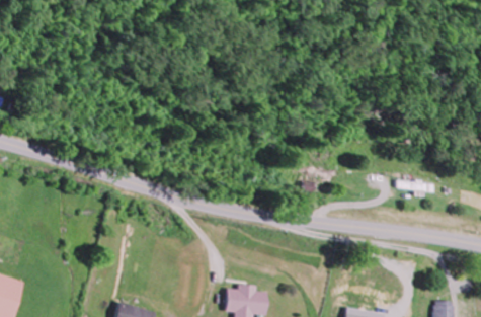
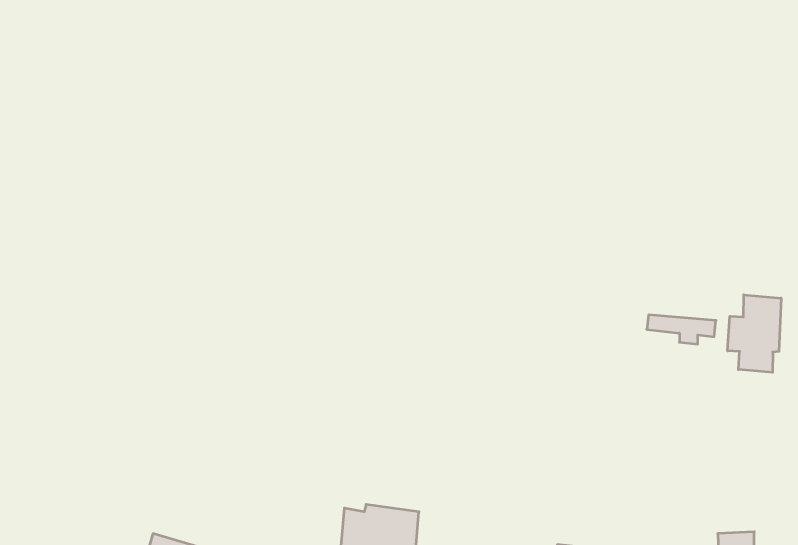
building: none -> [728,295,781,372]

